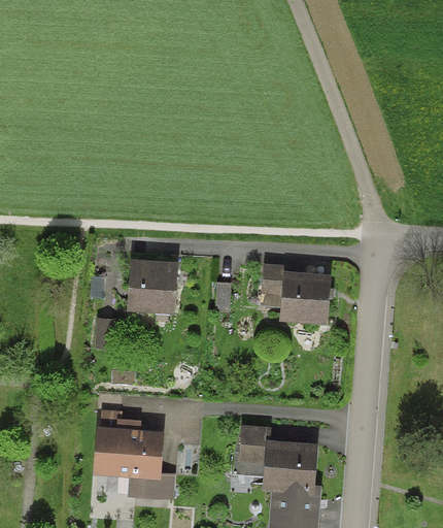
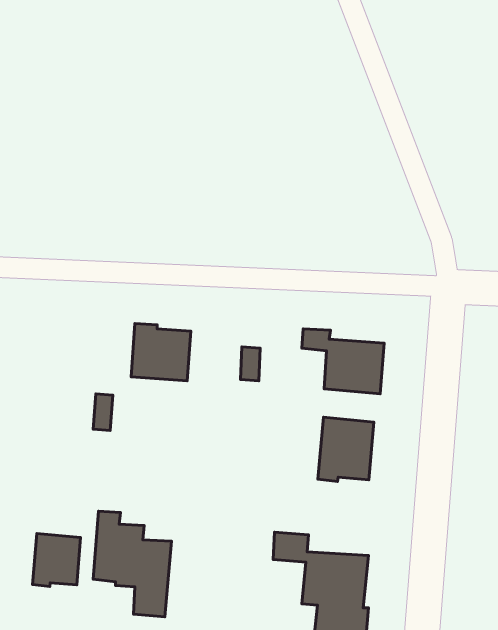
building: none -> [318,417,374,482]
building: none -> [32,534,81,586]

